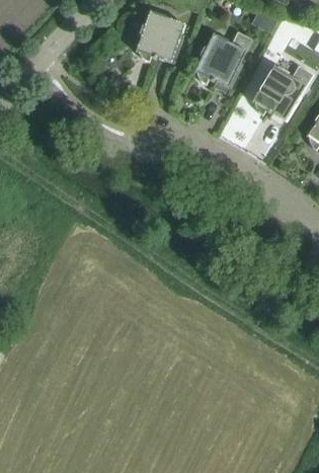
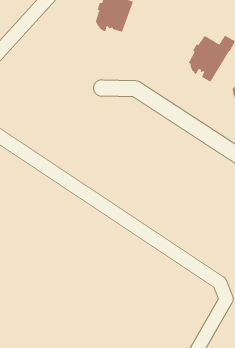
building: [194,29,253,91] -> none

